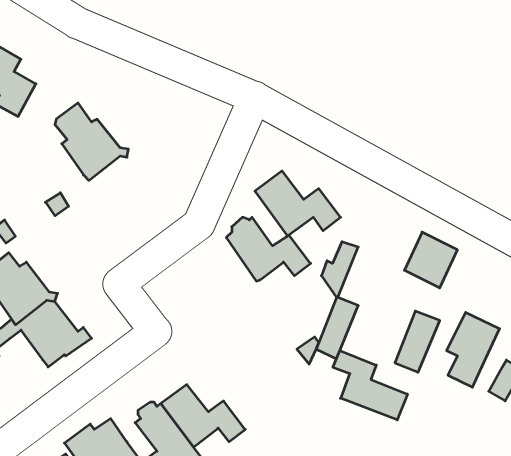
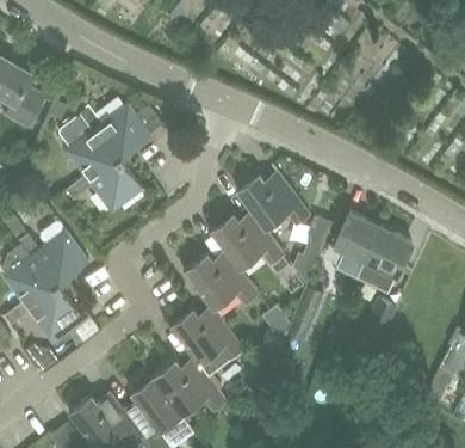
building: none -> [78,105,161,155]
building: none -> [66,161,142,211]
building: none -> [18,223,87,282]
building: none -> [184,254,256,311]
building: [447,312,500,387] -> [334,214,380,280]
building: none -> [168,309,242,375]
building: [333,351,407,420] -> none

